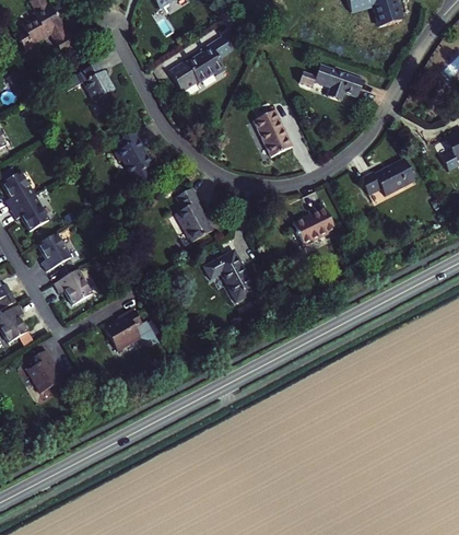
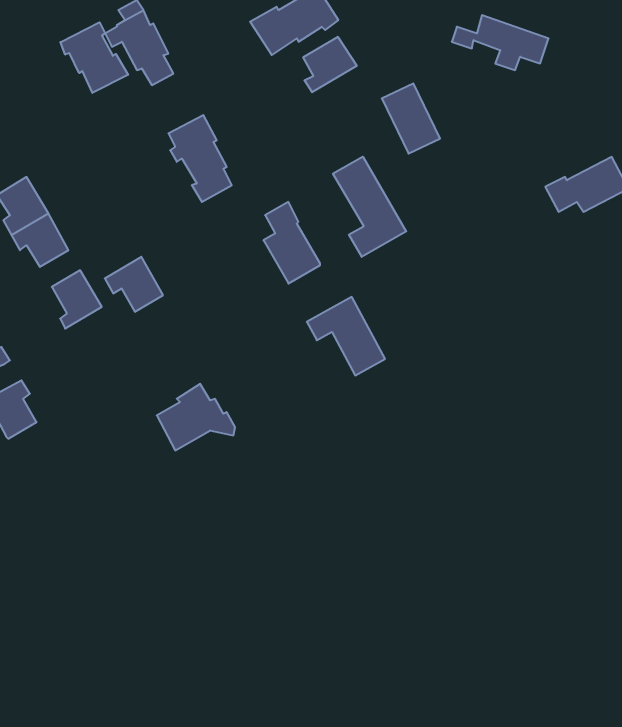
building: none -> [60,22,128,93]
building: none -> [303,37,357,92]
building: none -> [333,157,406,257]
building: [293,203,336,245] -> none
building: [54,269,92,305] -> [105,257,163,312]
building: [28,349,63,393] -> none

